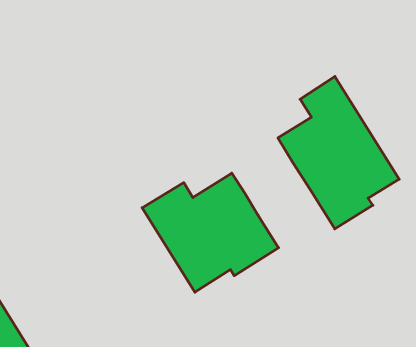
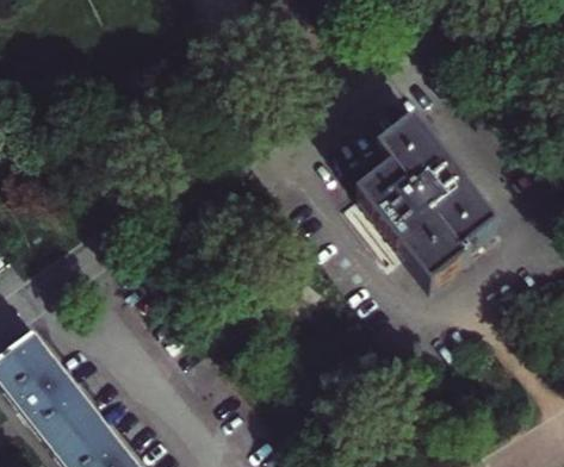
building: [142,173,279,292] -> none

